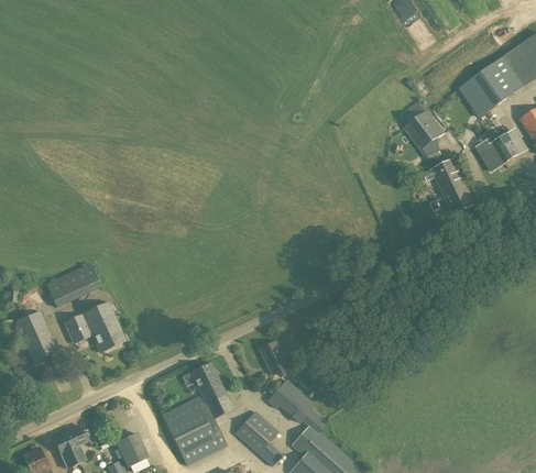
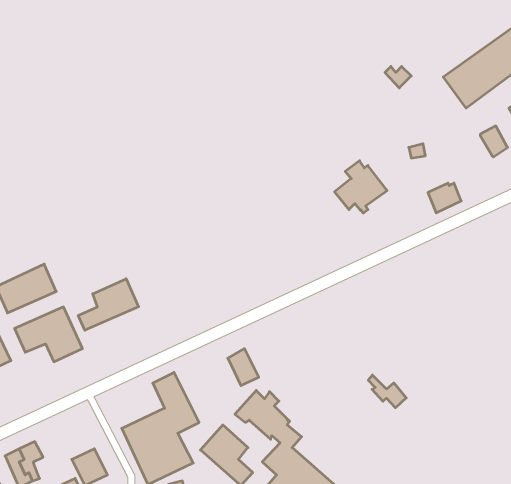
building: [397,105,446,153] -> [335,161,387,213]
building: [475,138,504,169] -> none
building: [425,158,469,196] -> none
building: none -> [78,279,139,330]
building: none -> [368,375,406,408]

